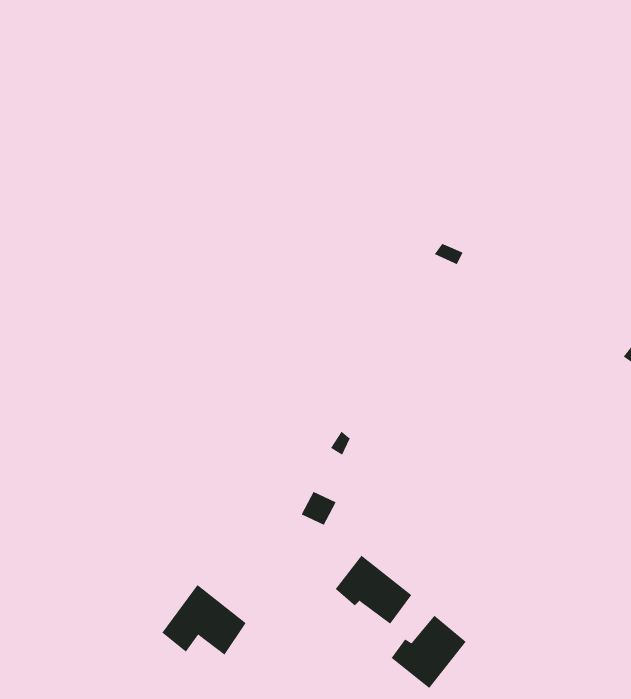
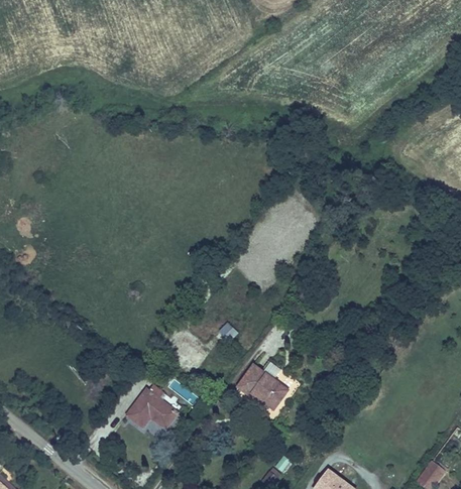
building: [391,615,466,689] -> none

